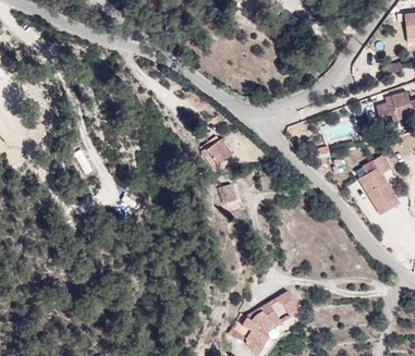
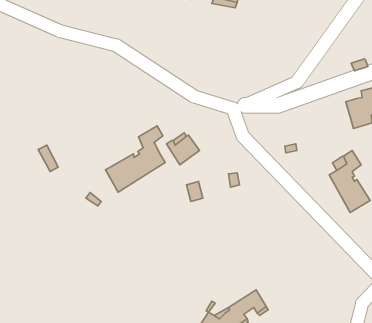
building: none -> [106,126,165,192]

